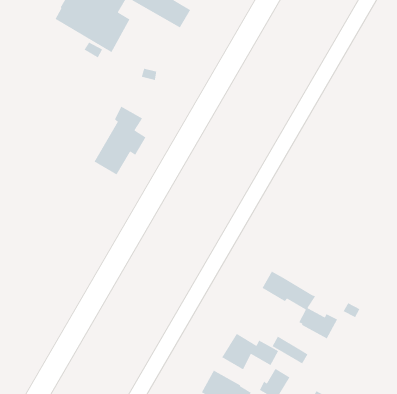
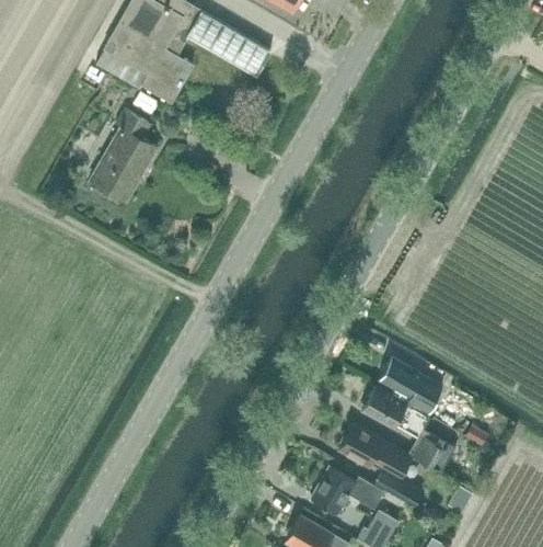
building: [94,105,147,176] -> [89,107,157,197]
building: none -> [378,356,442,418]
building: none -> [339,425,413,477]

